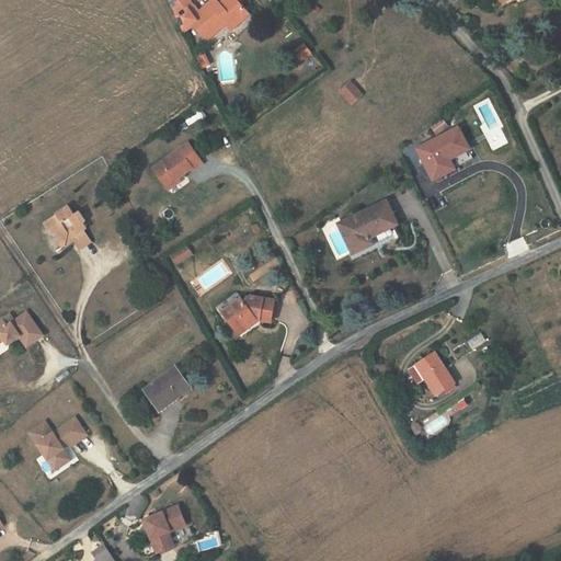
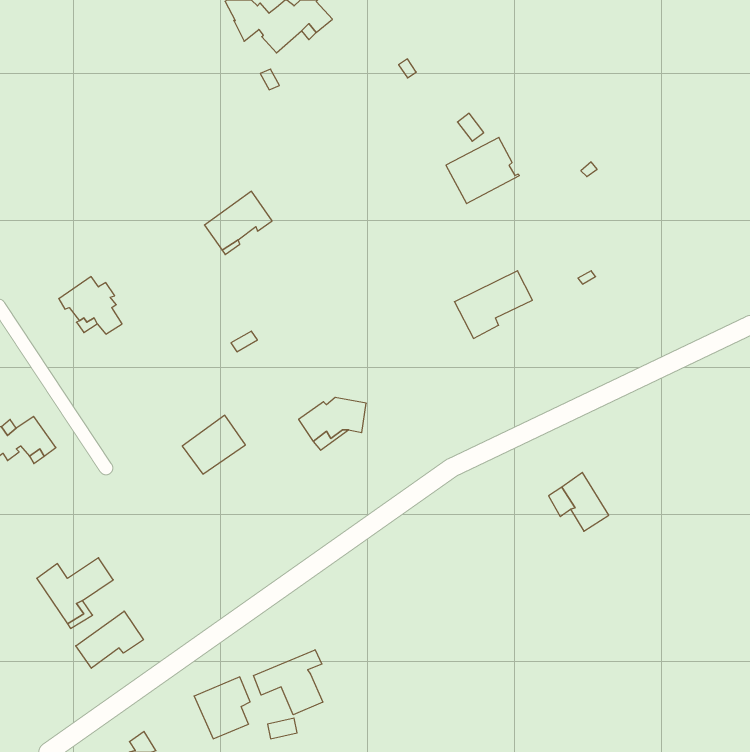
building: [417,129,472,179] -> [446,137,519,204]
building: [144,367,191,411] -> [182,415,245,474]
building: none -> [76,611,143,668]
building: none -> [254,650,323,715]

